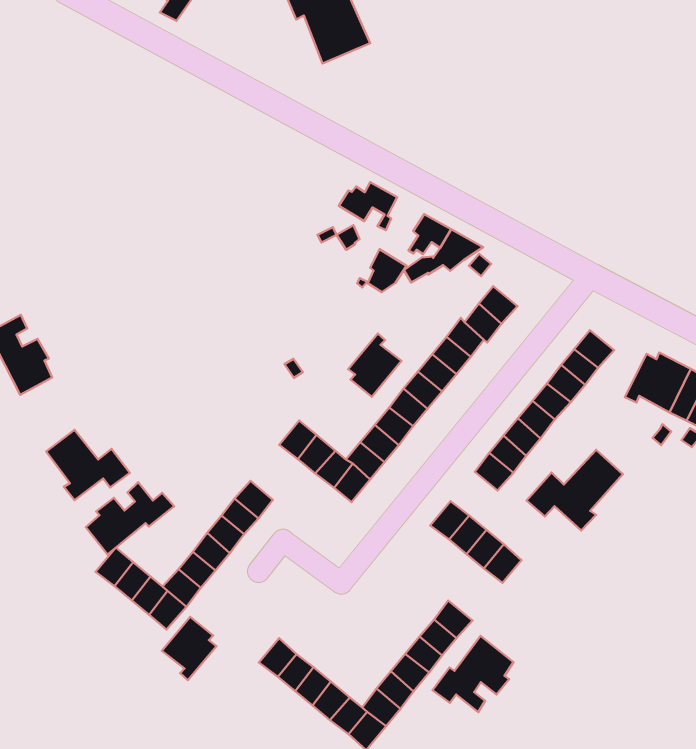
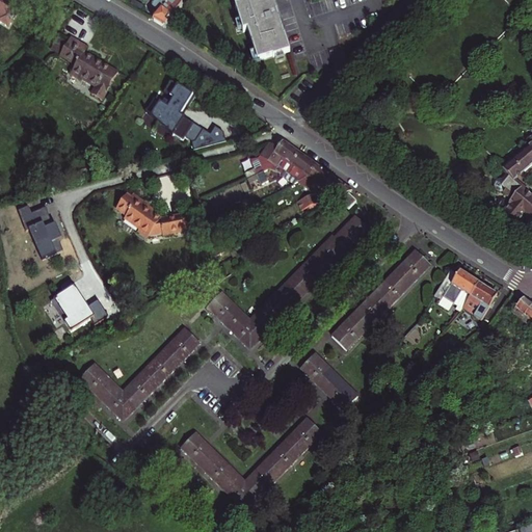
building: none -> [59,35,118,98]
building: none -> [143,77,192,138]
building: none -> [188,126,222,147]
building: [357,249,407,292] -> [282,152,315,180]
building: none -> [116,191,184,237]
building: [348,333,402,397] -> none
building: [526,450,623,530] -> none
building: [86,482,174,554] -> none
building: [162,617,216,680] -> none
building: [432,636,513,712] -> none

